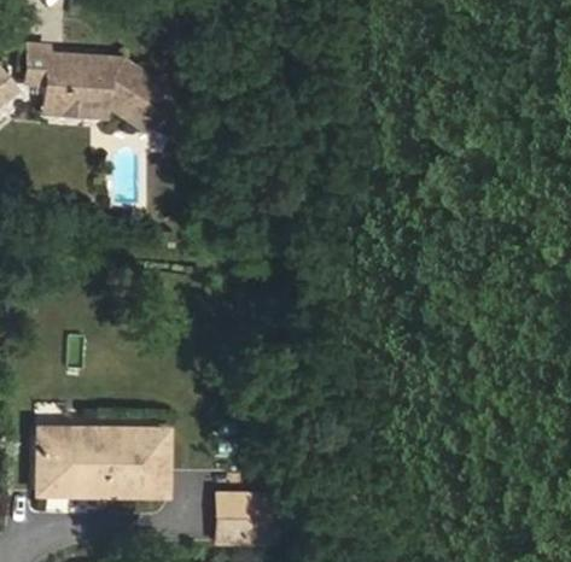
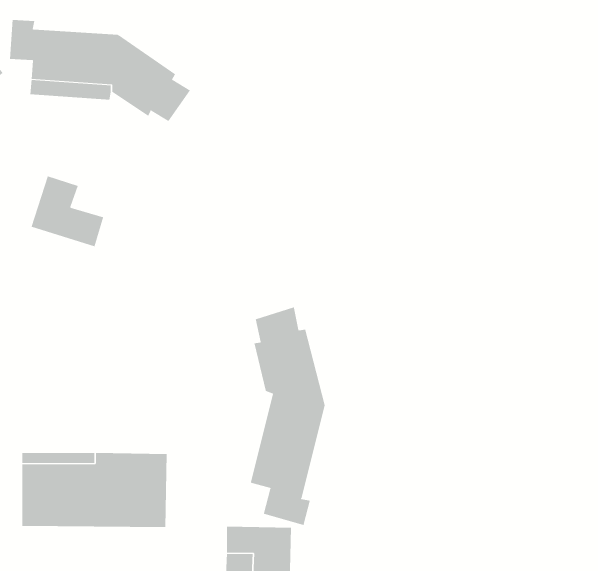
building: none -> [31,175,104,247]
building: none -> [250,307,325,526]

